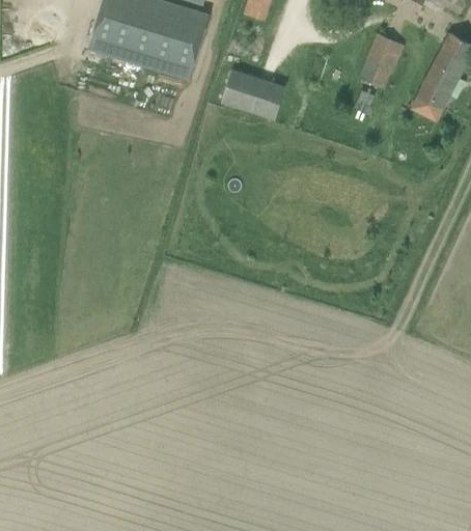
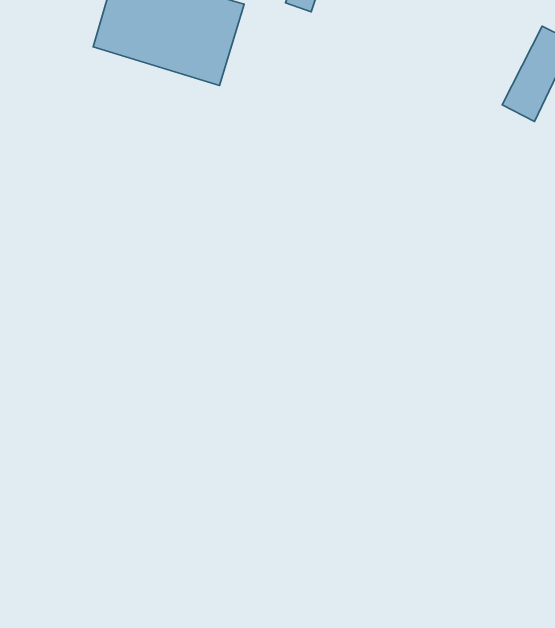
building: [358,32,403,87] -> none
building: [223,71,284,119] -> none

